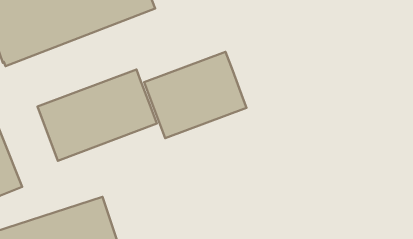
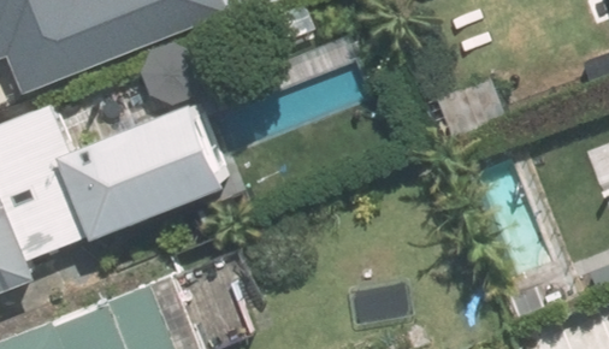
building: [144,52,247,138] -> none

